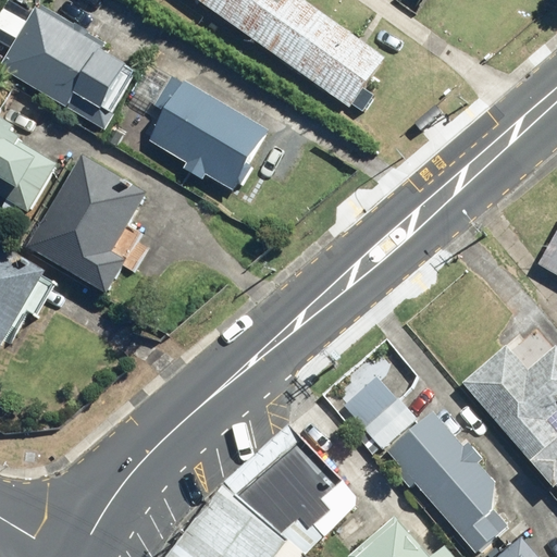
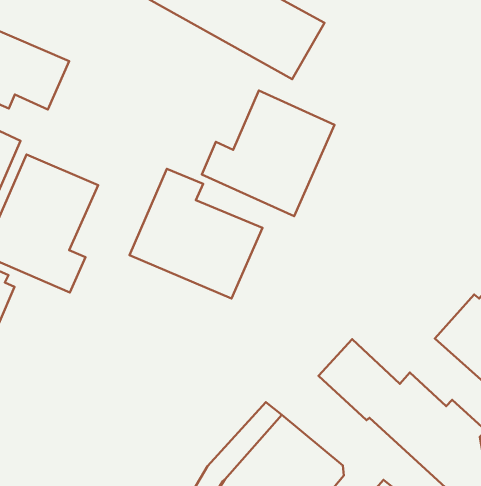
building: [131,62,268,190] -> none
building: none -> [202,90,335,216]
building: none -> [130,169,262,298]

